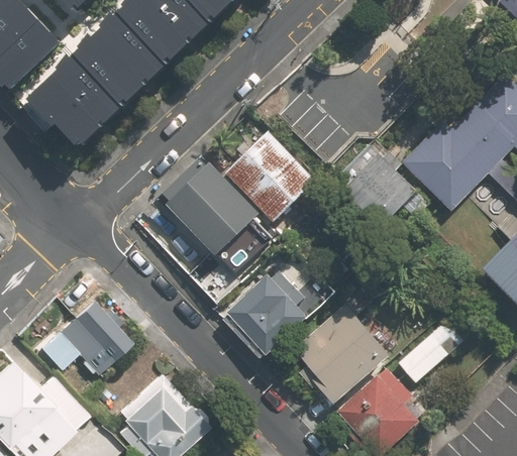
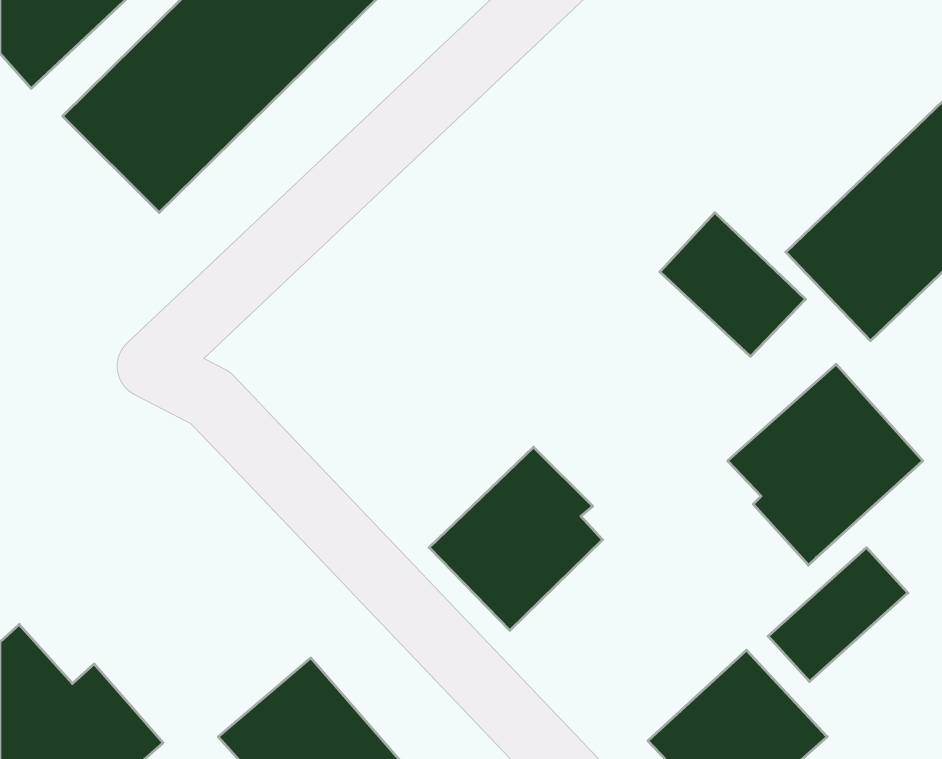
building: [221,134,311,225] -> none
building: [156,161,272,274] -> none
building: [37,278,130,375] -> none
building: [286,305,386,408] -> [728,364,923,565]

